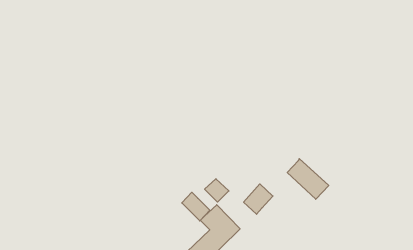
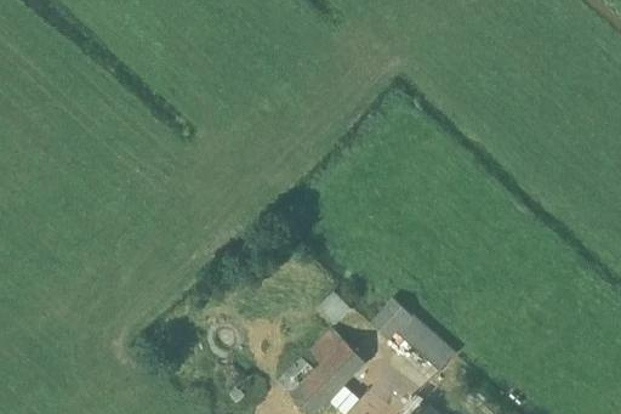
building: [287,159,329,199] -> [395,313,454,370]
building: [182,192,210,221] -> none

